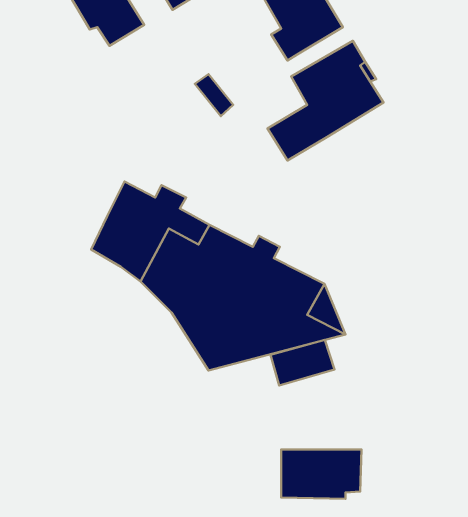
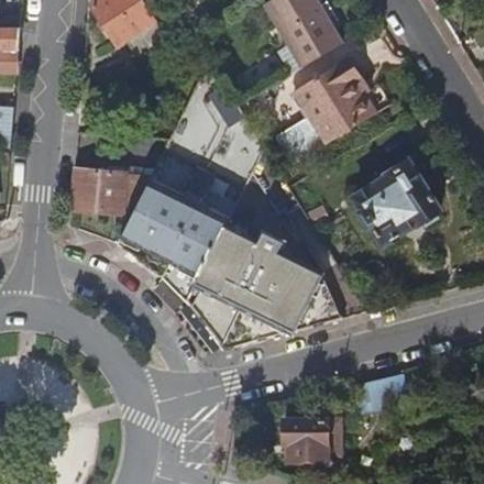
building: none -> [351,160,439,243]
building: none -> [70,163,153,211]
building: [270,340,335,386] -> [356,370,414,410]

